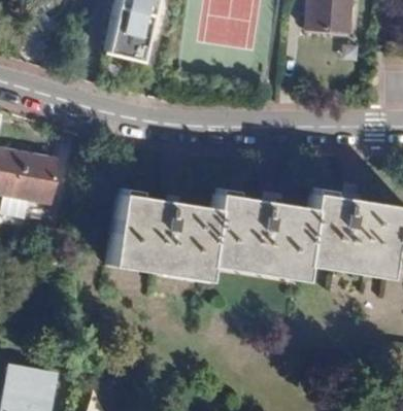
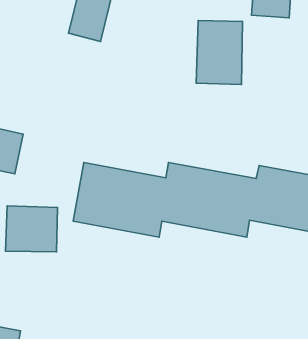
building: none -> [196,20,242,84]
building: none -> [6,206,58,252]

